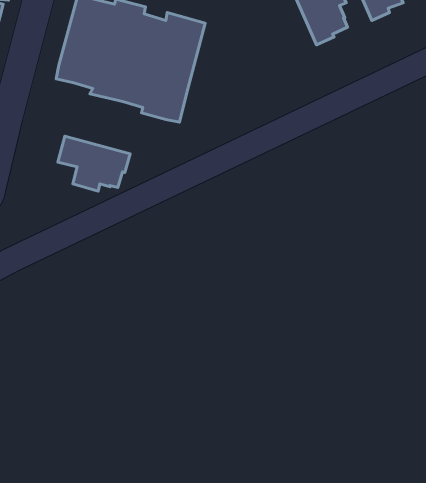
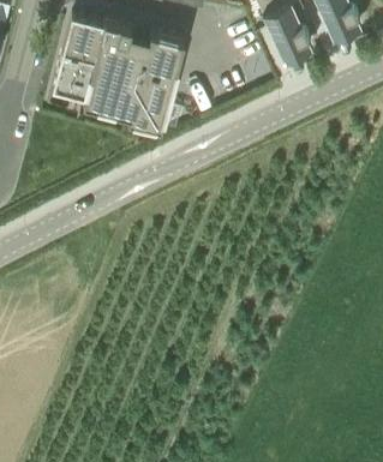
building: [58,136,130,191] -> none

